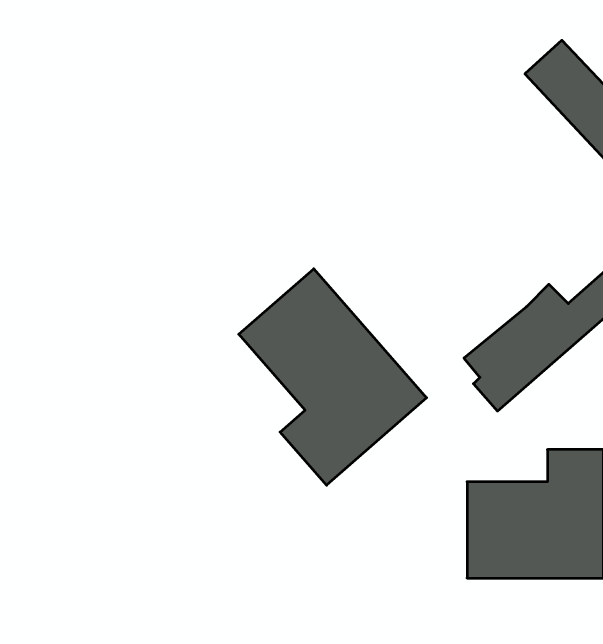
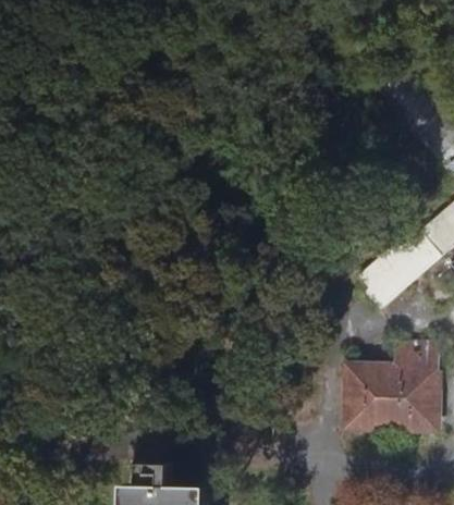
building: [239,269,427,485] -> none

